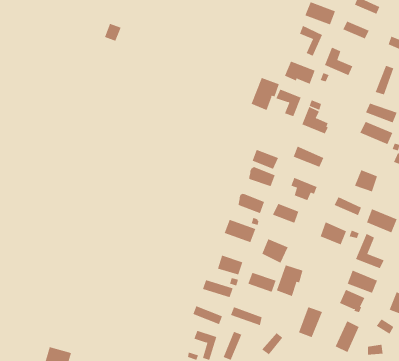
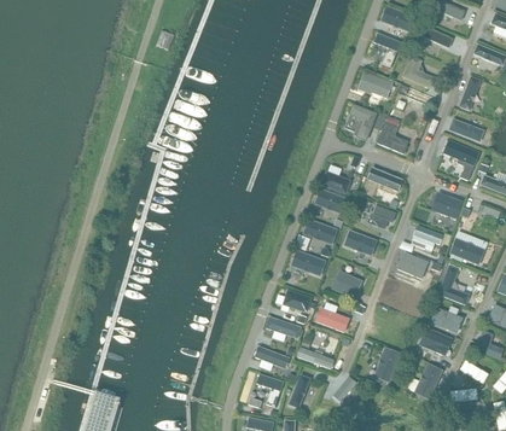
building: [251,77,279,111] -> none
building: [276,264,303,297] -> none

